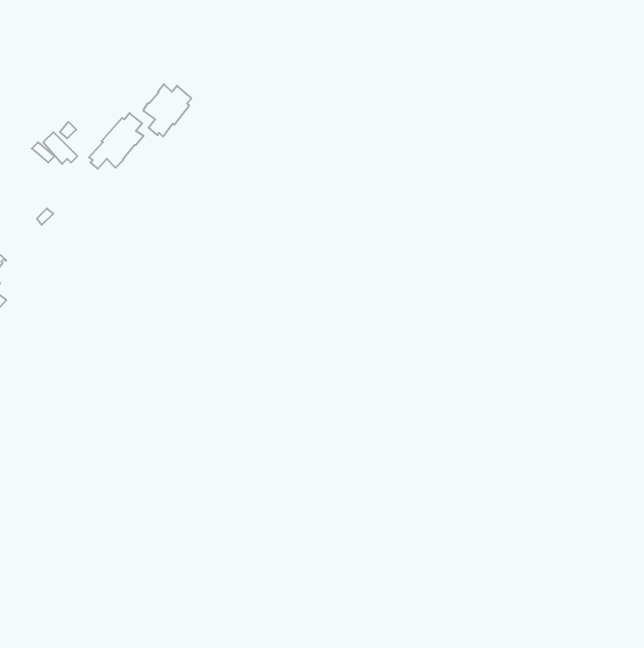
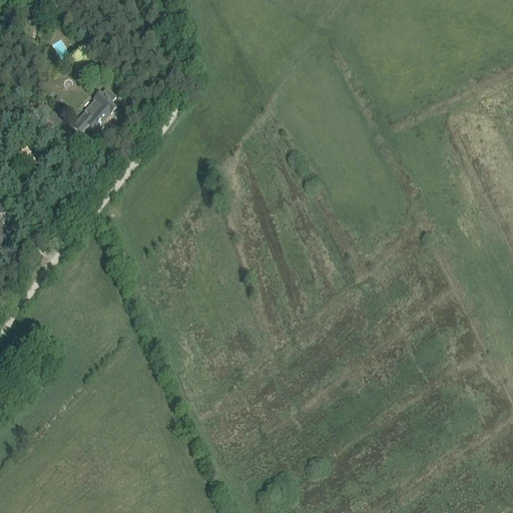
building: [143,84,191,137] -> none

